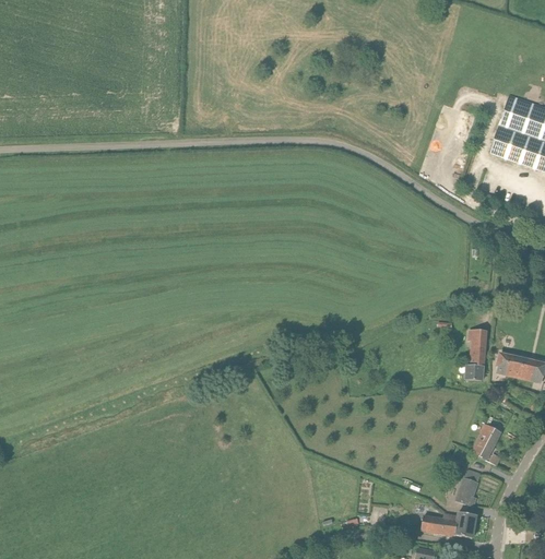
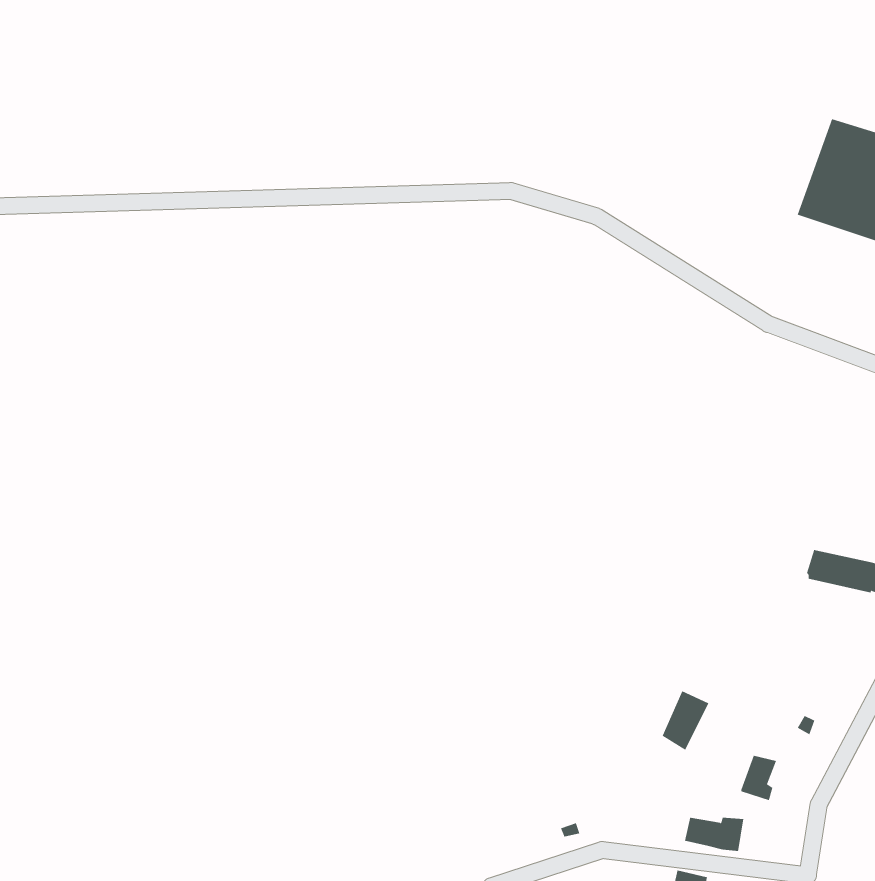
building: [464,330,486,380] -> none
building: [472,424,500,460] -> [662,690,709,750]
building: [445,512,477,538] -> none

